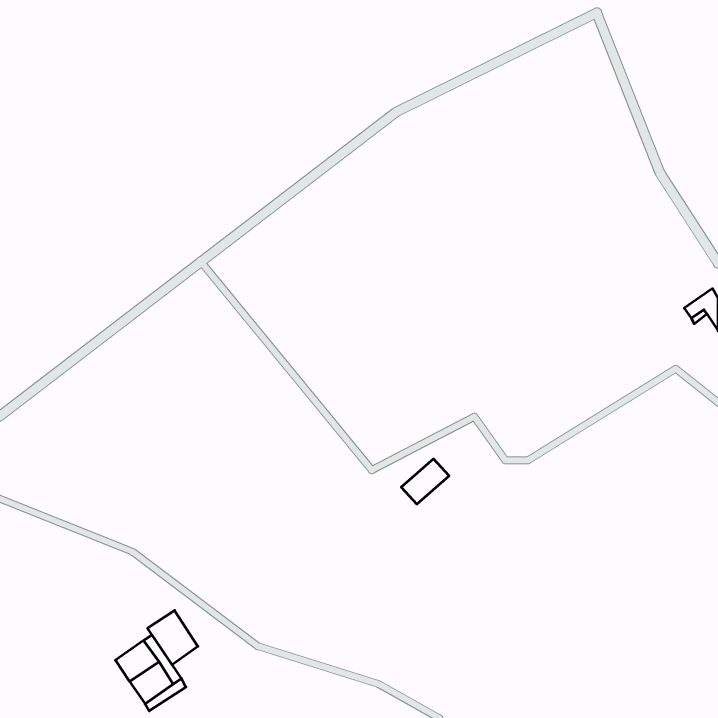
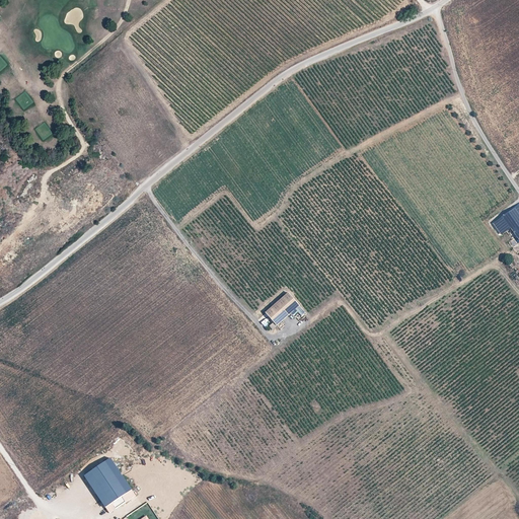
building: [401,459,449,504] -> [265,292,299,324]
building: [148,610,198,665] -> none

